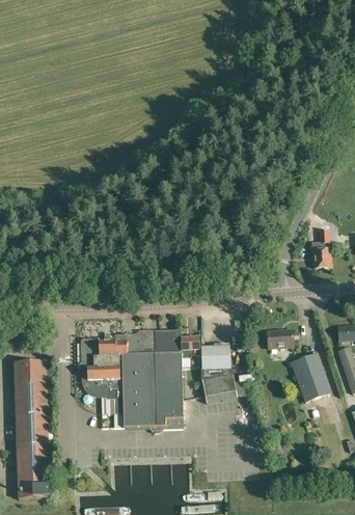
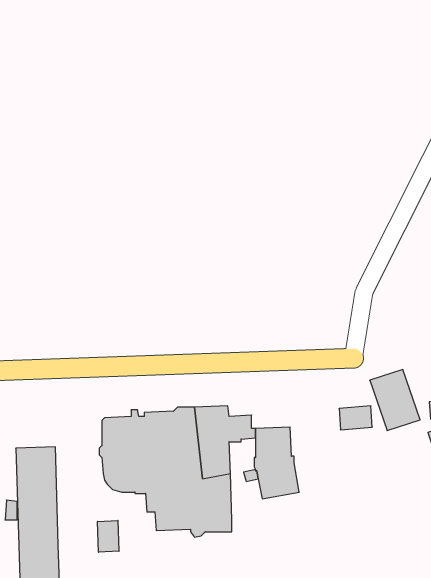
building: [311,228,331,267] -> none
building: [291,353,330,401] -> [370,370,420,431]
building: none -> [98,520,119,552]

